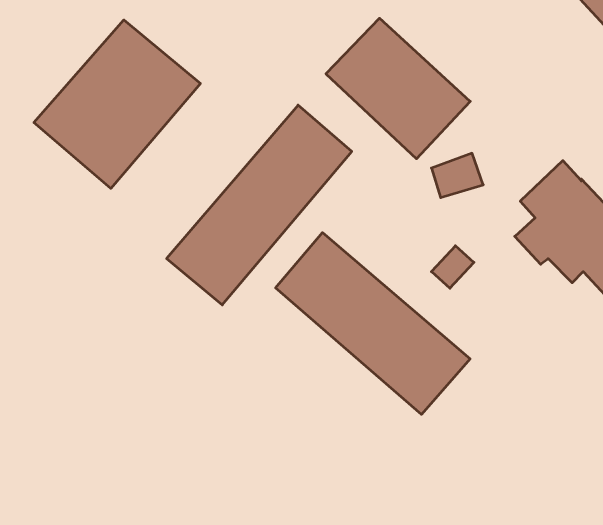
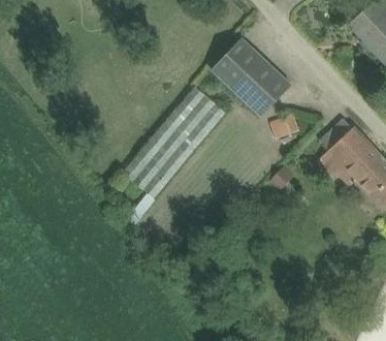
building: [34,20,200,188] -> none
building: [276,233,470,414] -> none

